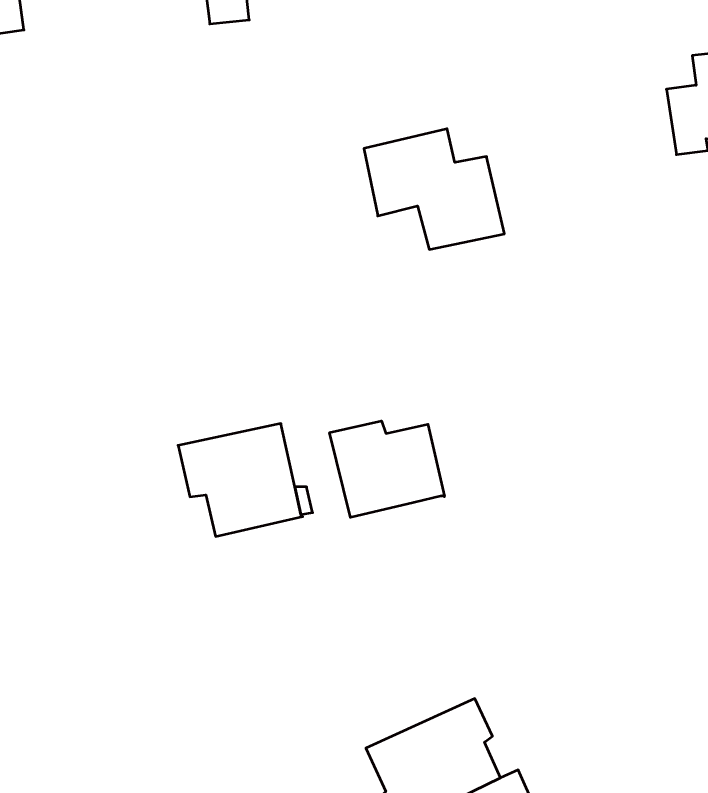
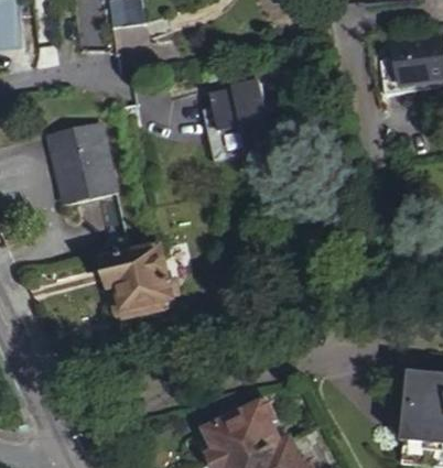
building: none -> [51,122,117,205]
building: [330,421,444,517] -> none

